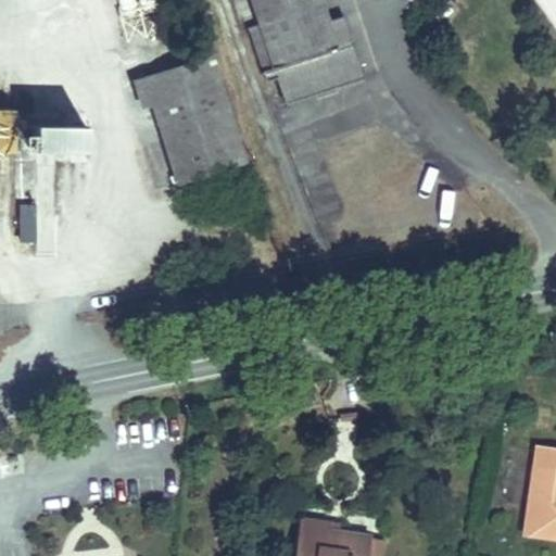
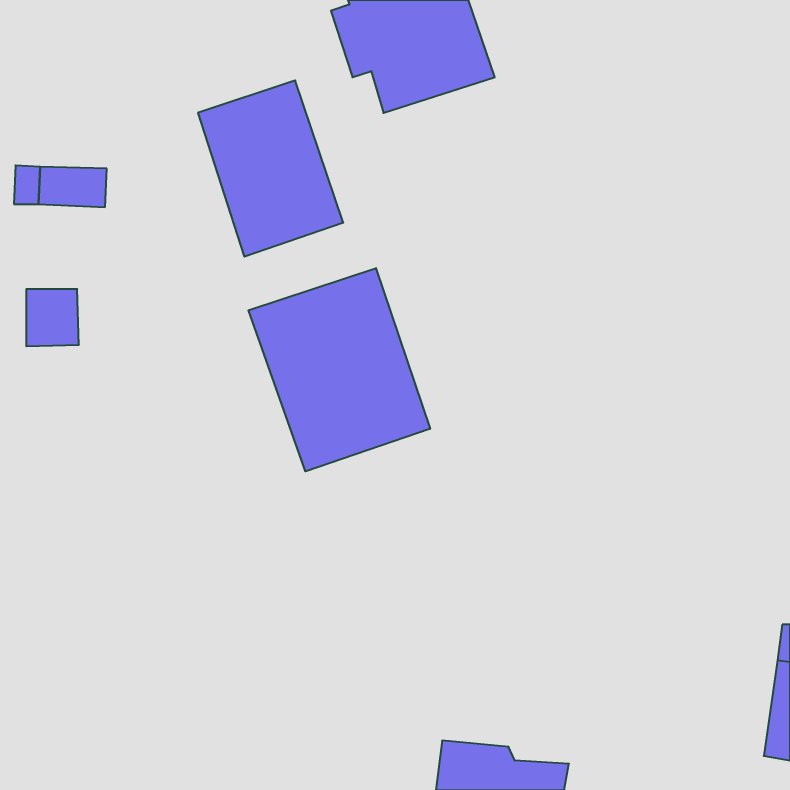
building: none -> [248,268,430,471]

